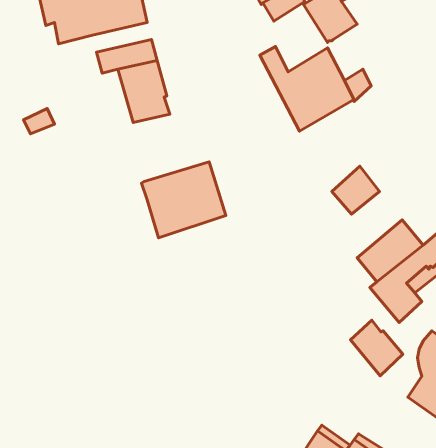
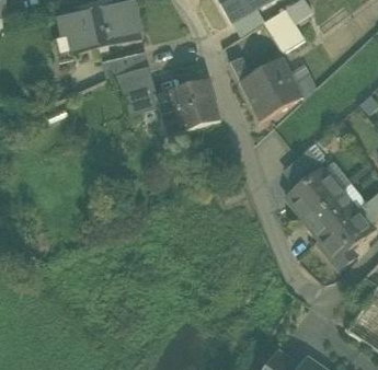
building: [142,162,226,238] -> [156,78,221,137]
building: none -> [287,167,341,219]
building: [350,320,403,376] -> none

